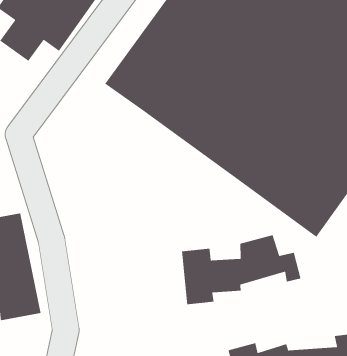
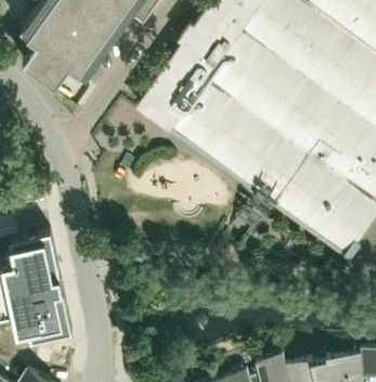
building: [181,234,301,305] -> none

